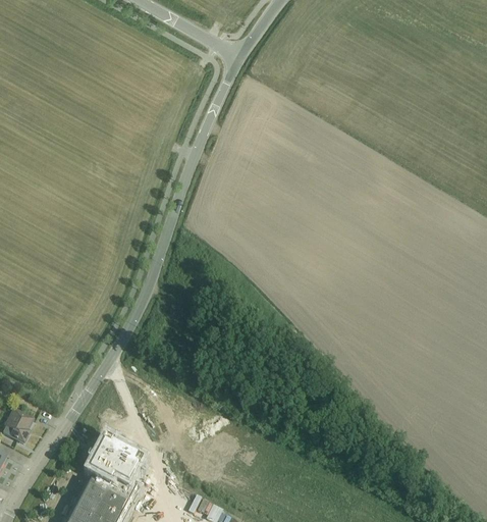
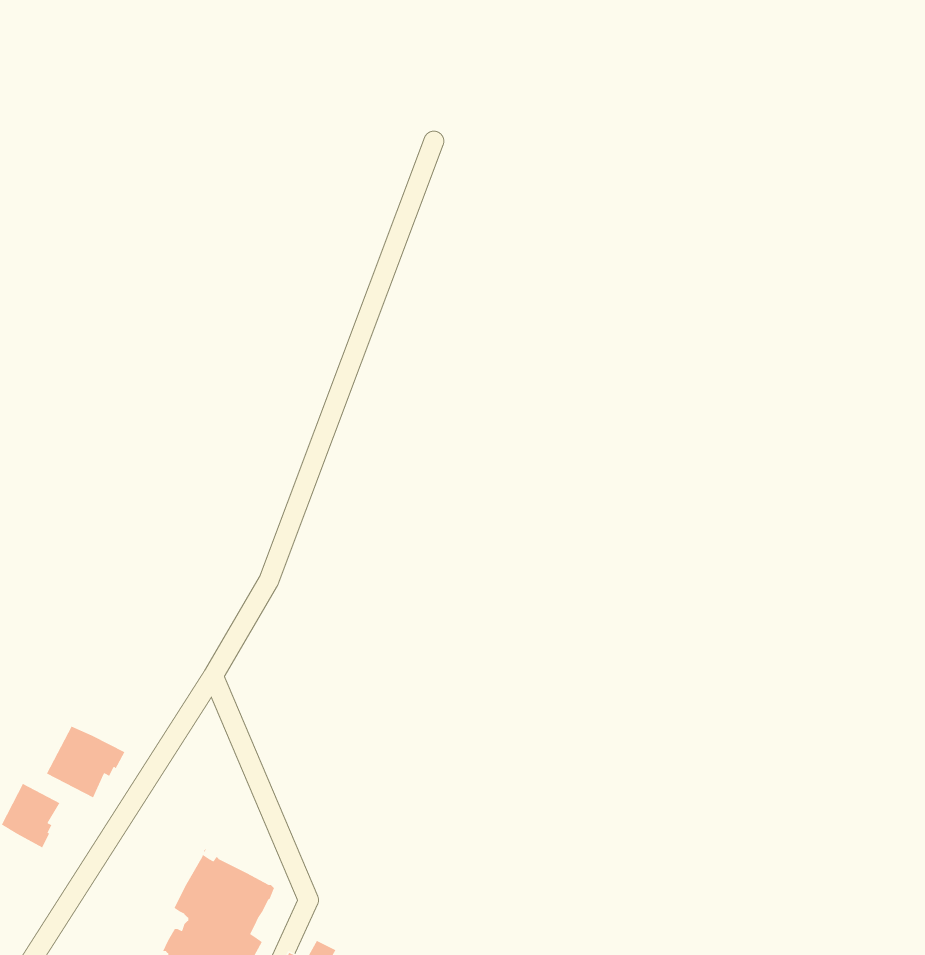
building: none -> [46,726,126,799]

